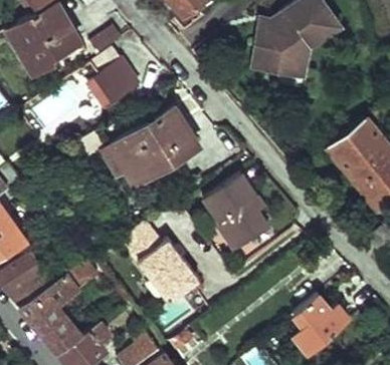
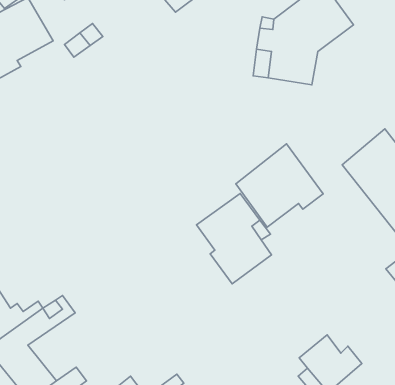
building: [87,59,137,105] -> none
building: [110,109,199,189] -> none
building: none -> [236,144,323,227]
building: [117,223,193,306] -> none

